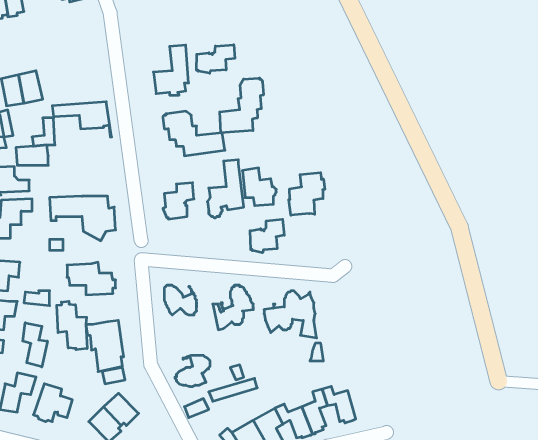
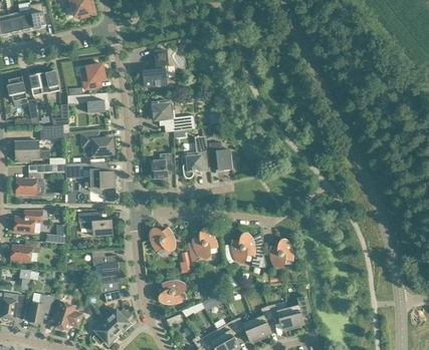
building: [197,45,235,73] -> none
building: none -> [81,62,104,89]
building: [220,78,263,133] -> none
building: none -> [80,130,113,155]
building: [289,173,325,215] -> none
building: [250,219,284,253] -> none
building: none -> [269,240,291,268]
building: [57,301,87,350] -> none
building: [23,323,47,367] -> none
building: none -> [286,296,307,328]

